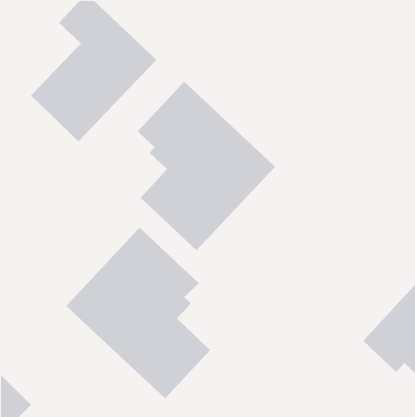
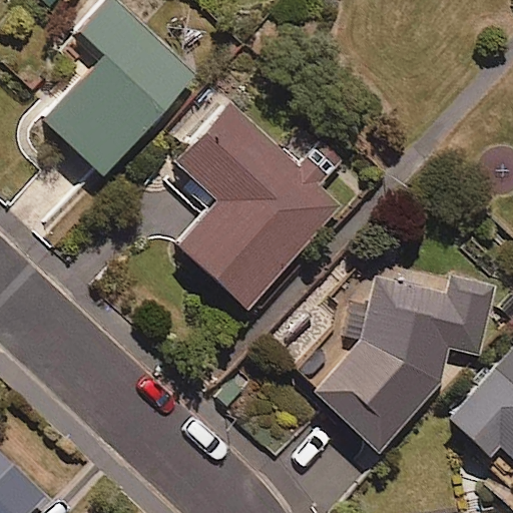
building: none -> [310,274,497,455]
building: [65,227,211,399] -> none

